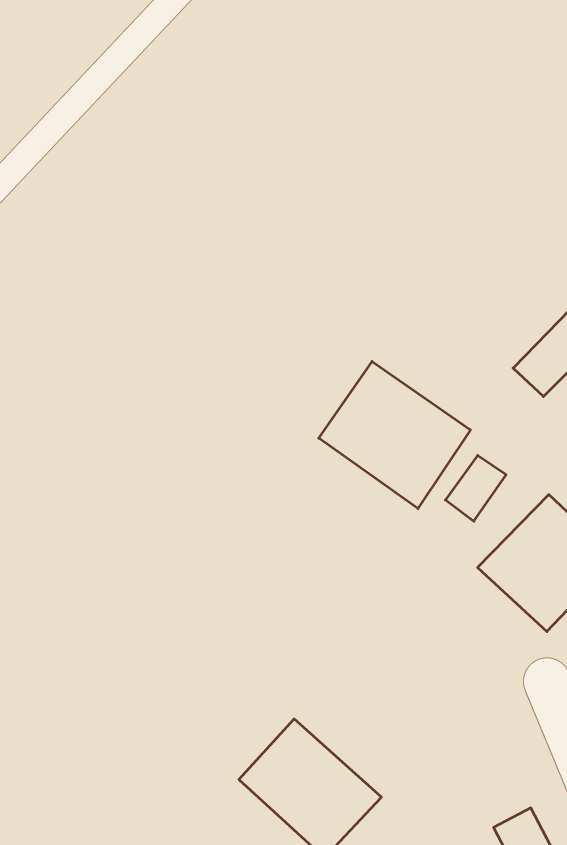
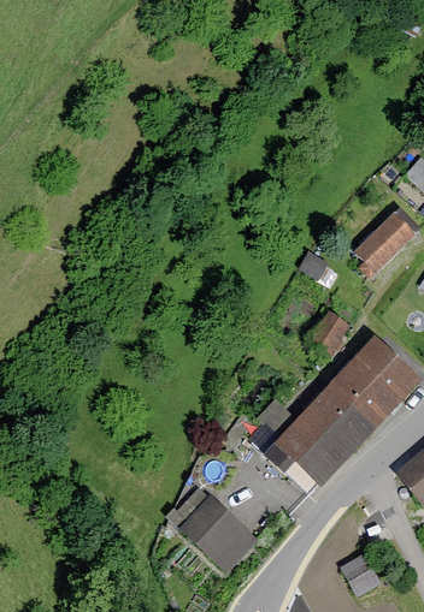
building: [319,361,470,509] -> none
building: none -> [263,385,377,499]

